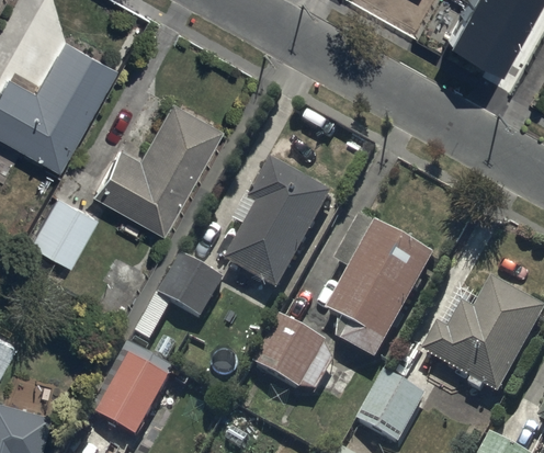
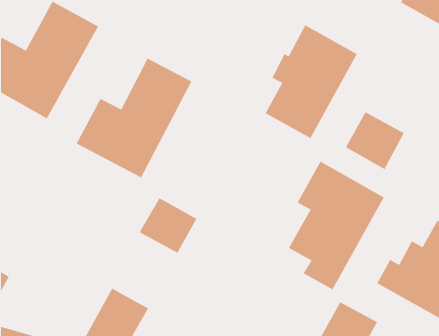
building: none -> [345,111,405,170]
building: [225,161,329,290] -> [265,24,358,139]
building: [27,193,97,264] -> none
building: [251,314,326,388] -> none

